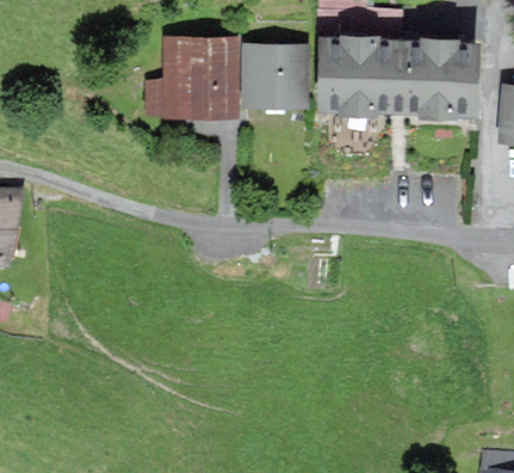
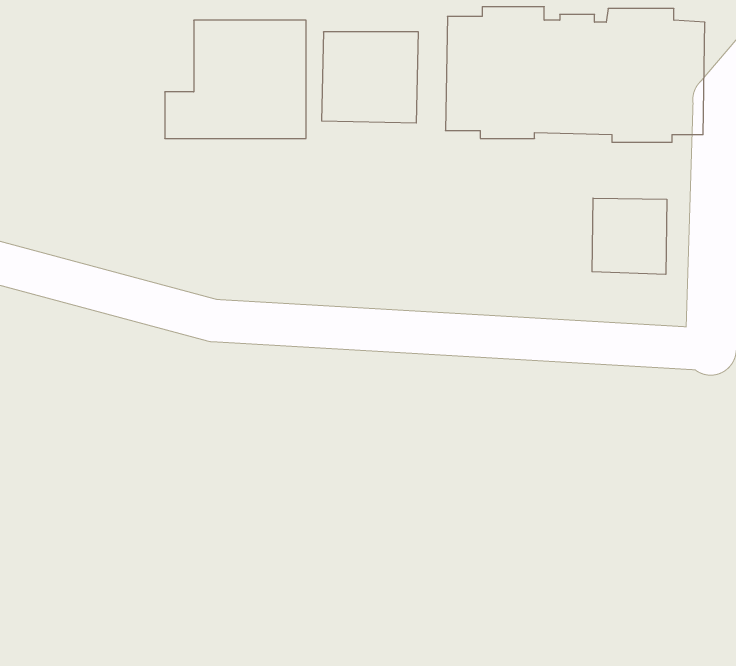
building: none -> [592,198,667,274]

